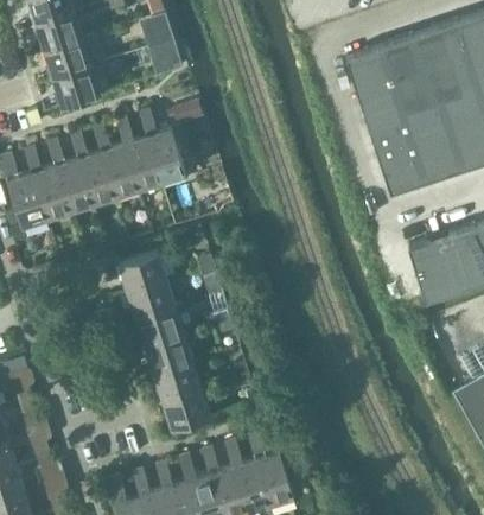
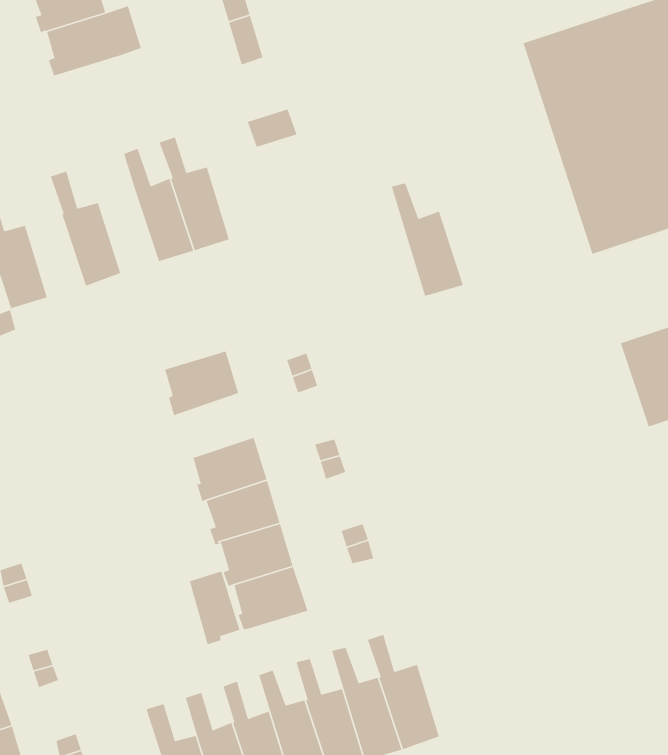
building: [53,64,110,108] -> none
building: [140,112,186,184] -> [391,182,464,297]
building: [71,133,116,205] -> none
building: [25,148,70,221] -> none
building: [129,281,177,323] -> none
building: none -> [189,570,241,645]

